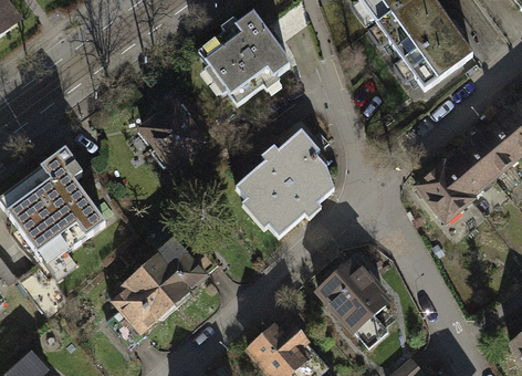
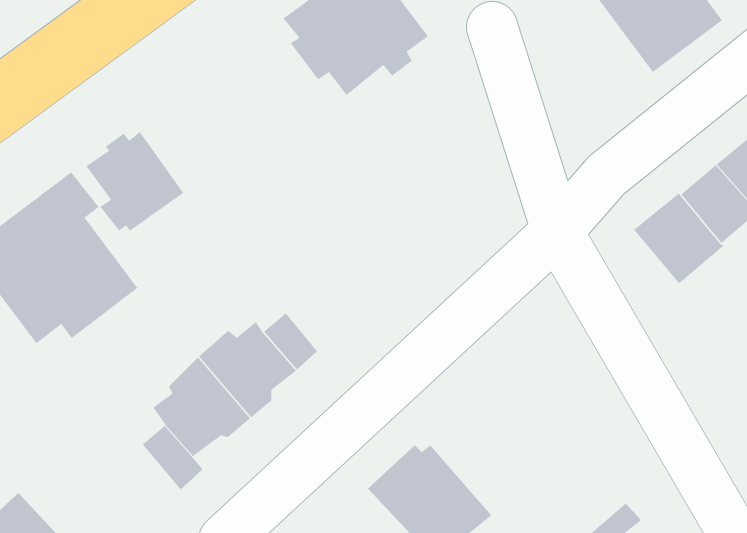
building: [143,101,205,164] -> [85,131,184,231]
building: [236,127,330,232] -> none
building: [317,257,385,328] -> none

